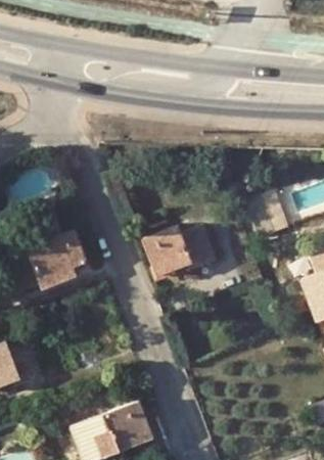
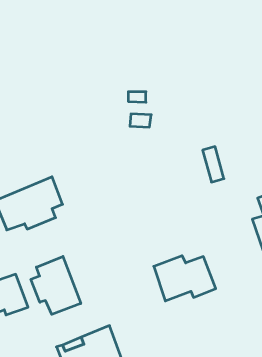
building: [143,225,215,277] -> [154,256,216,301]
building: none -> [31,256,81,314]

